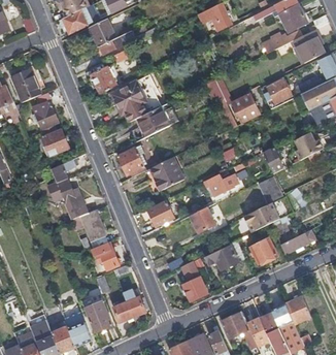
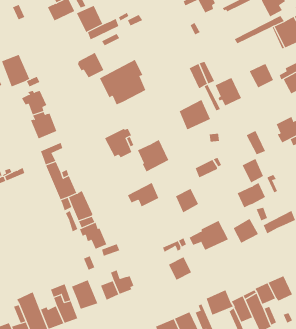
building: [136,105,169,137] -> [179,99,211,130]

